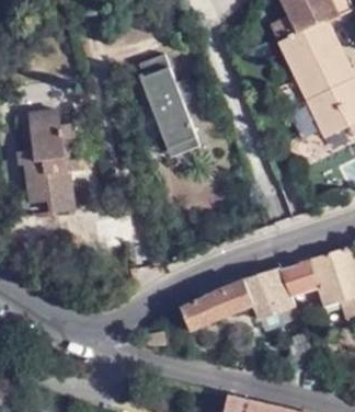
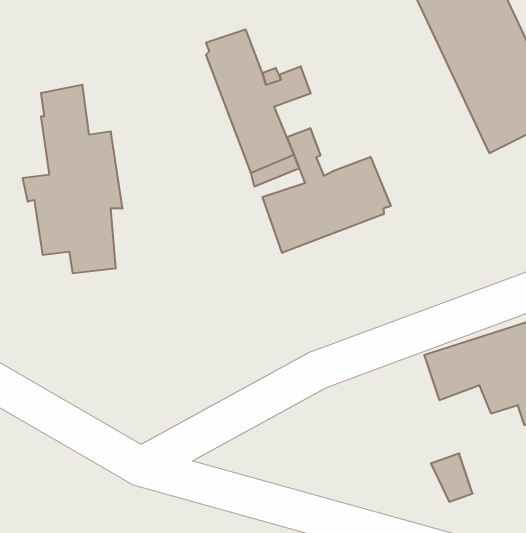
building: none -> [263,128,391,253]
building: [182,270,293,330] -> none

